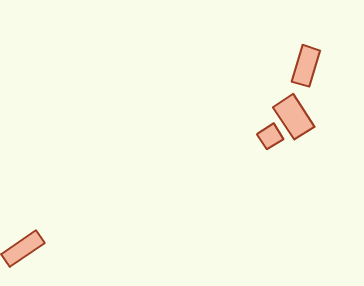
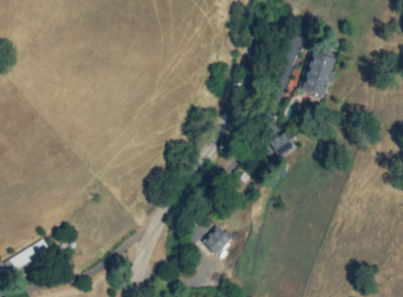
building: [273,94,315,140] -> none
building: none -> [202,224,232,254]

